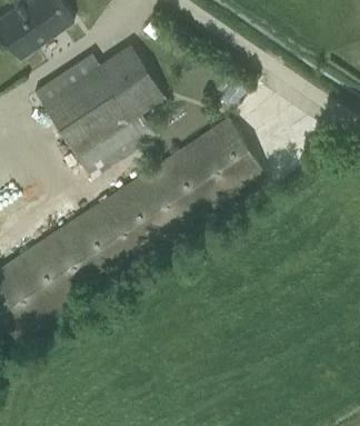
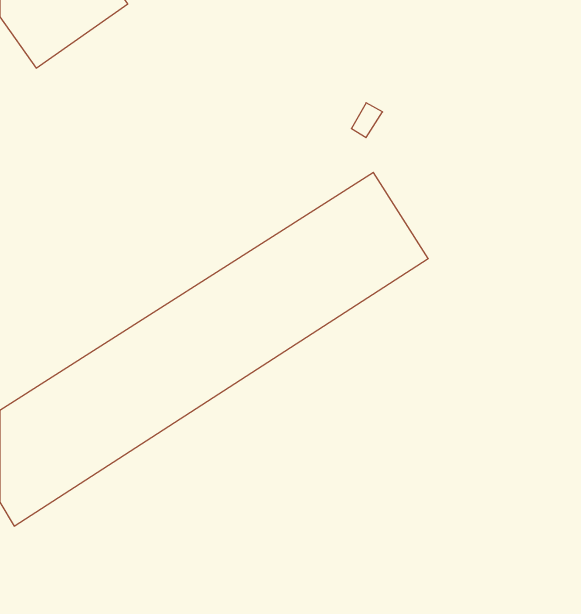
building: [37,50,162,175] -> none

